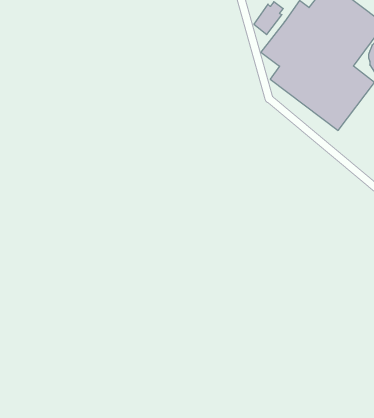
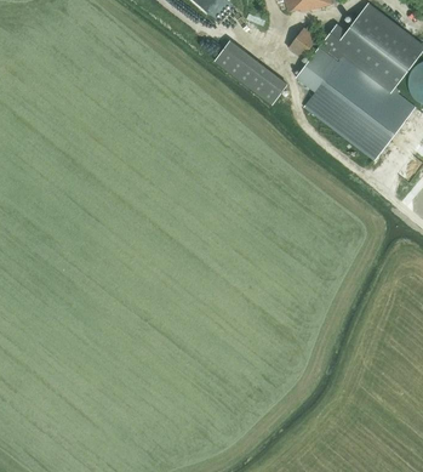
building: none -> [215,44,290,109]

